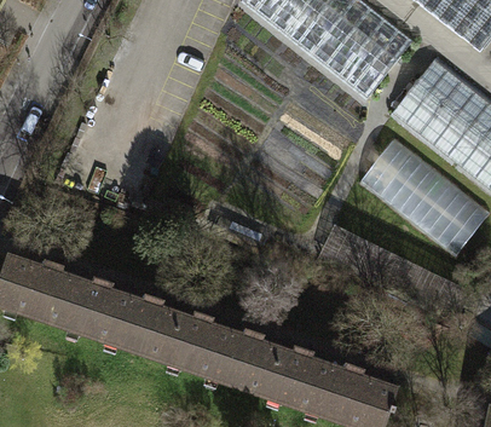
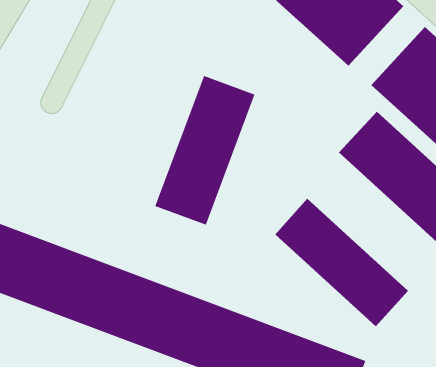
building: none -> [154,75,255,226]
building: none -> [274,198,409,327]

